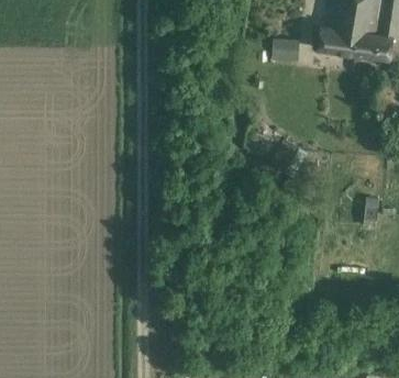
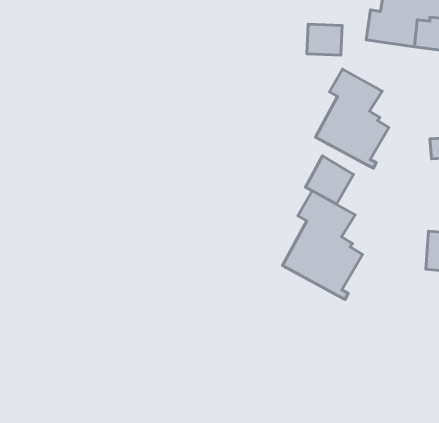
building: none -> [316,69,389,168]
building: none -> [283,191,362,299]

